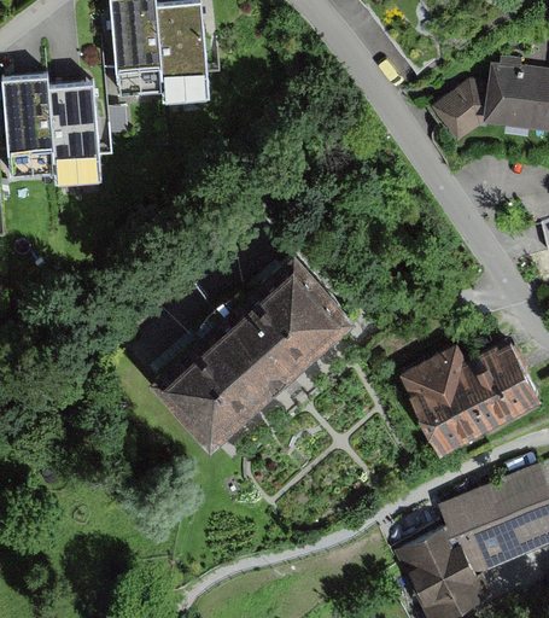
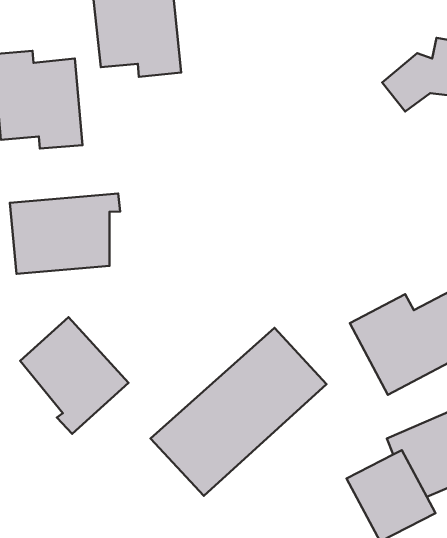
building: none -> [10,193,120,274]
building: [152,264,347,451] -> [151,328,327,496]
building: none -> [20,317,128,434]

